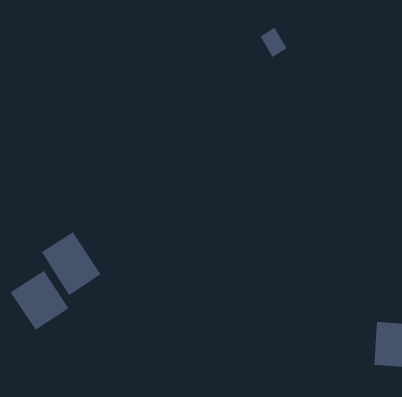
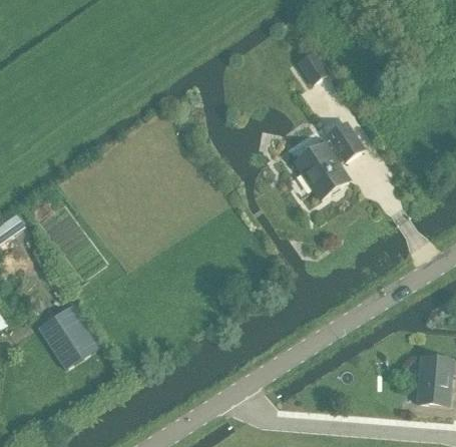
building: none -> [296,121,363,197]
building: [41,231,101,296] -> none

